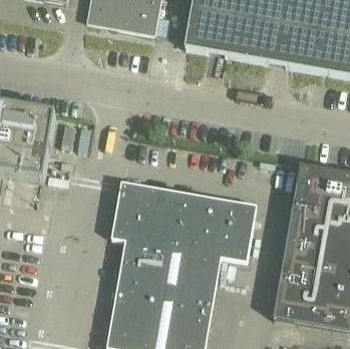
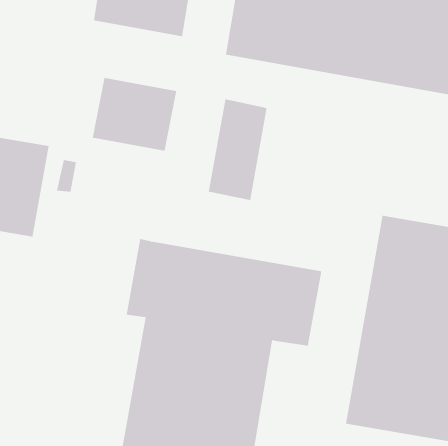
building: none -> [92,77,177,151]
building: none -> [208,99,267,201]

